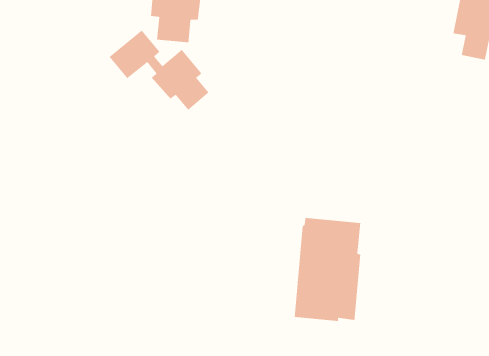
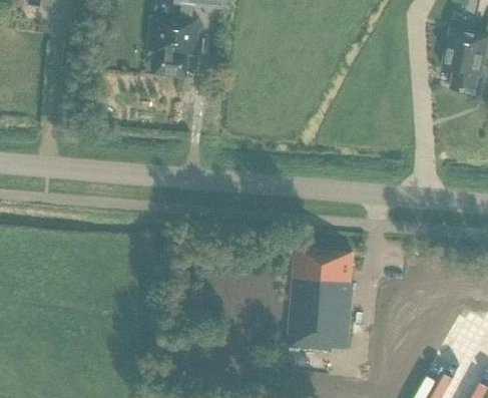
building: [108,30,210,111] -> none

